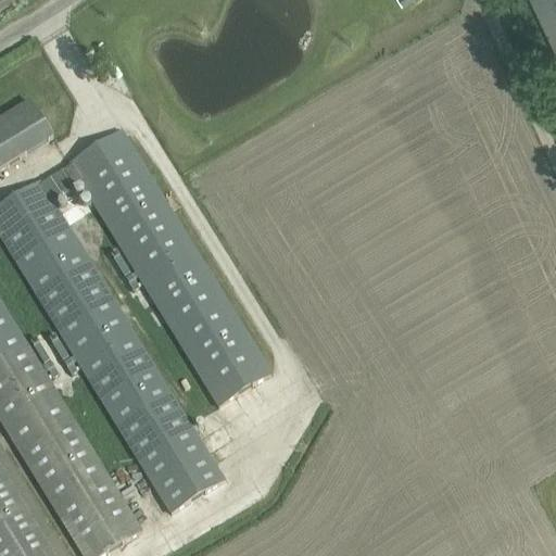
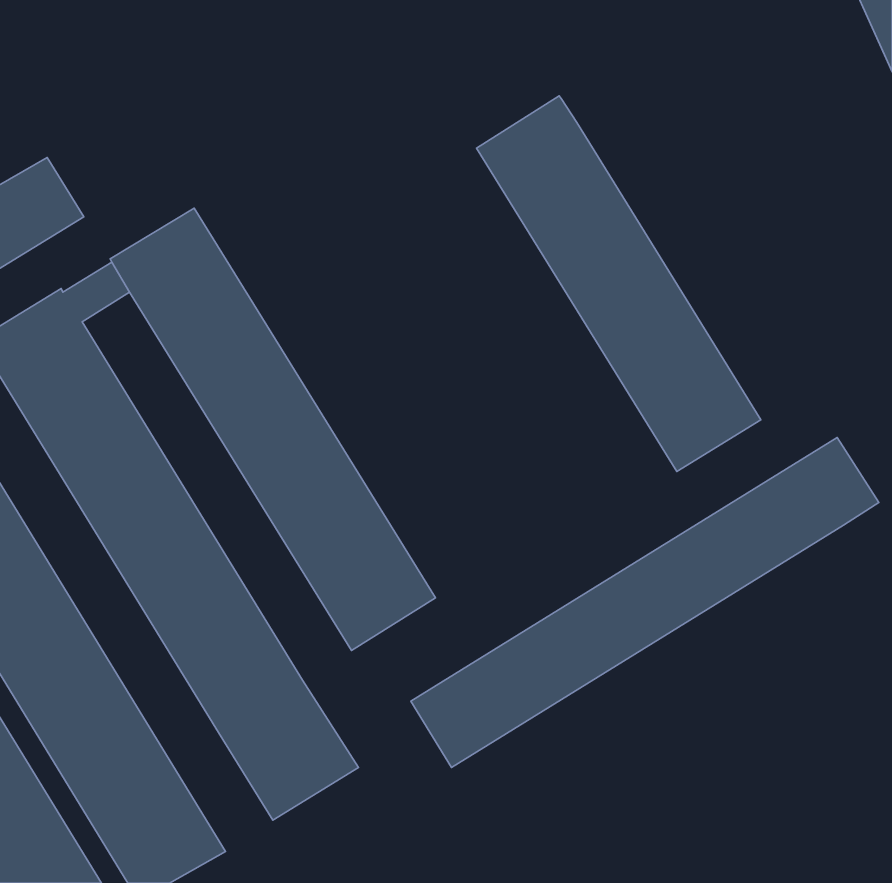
building: none -> [477,96,761,472]
building: none -> [411,437,879,768]

